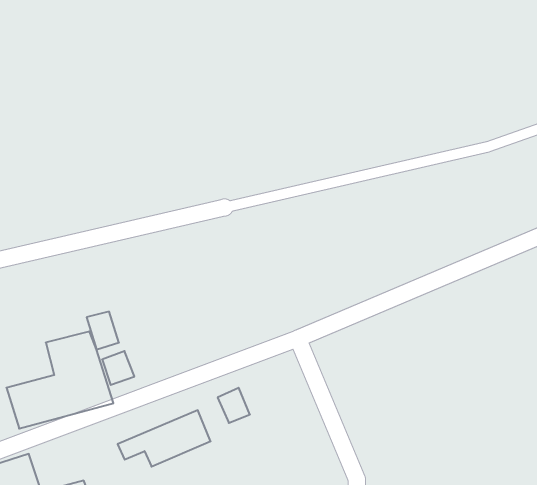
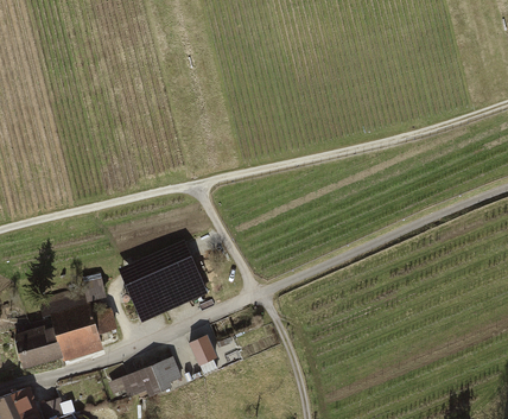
building: none -> [127,254,207,319]

